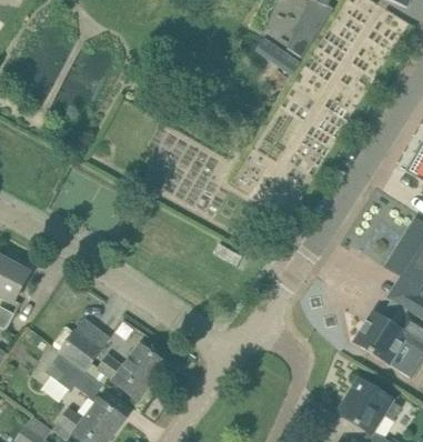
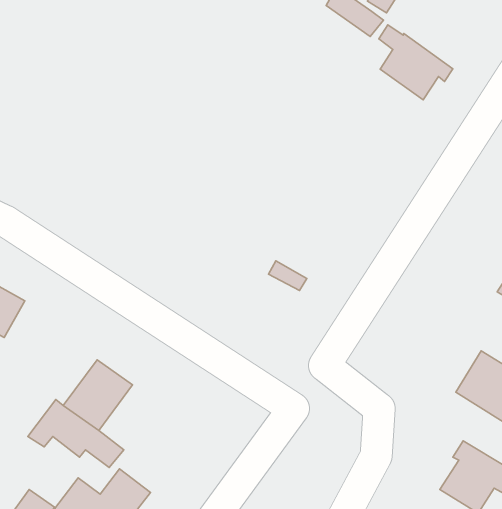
building: none -> [379,25,453,100]
building: [97,344,164,399] -> none

